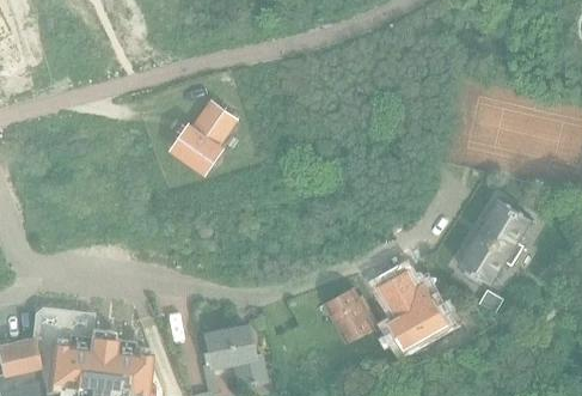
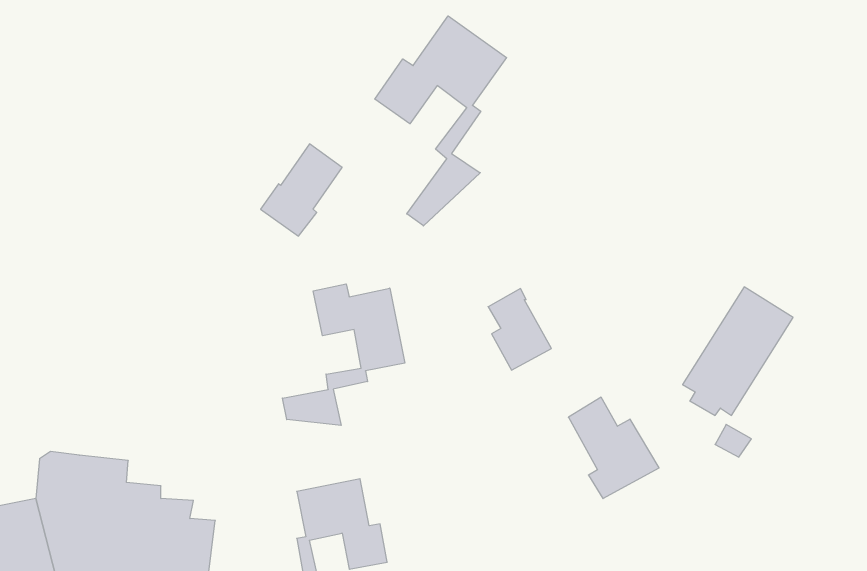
building: none -> [375,16,507,226]
building: none -> [282,284,405,425]
building: [332,290,374,343] -> [488,289,551,370]

